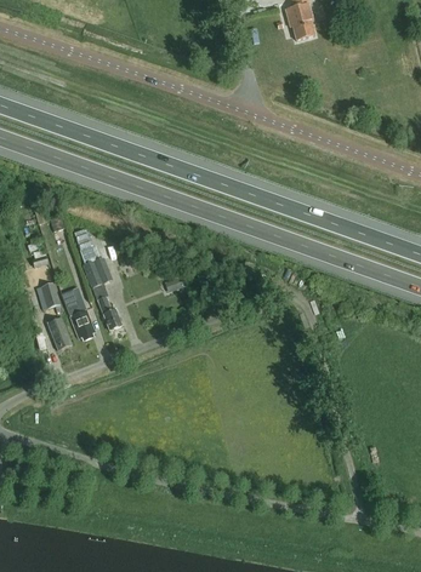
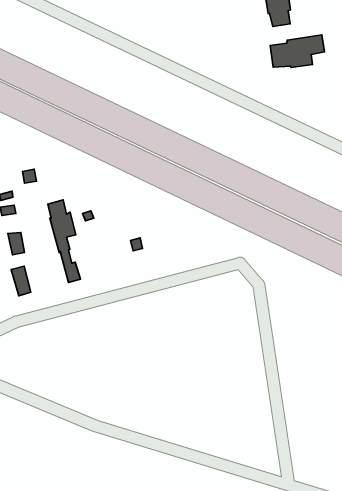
building: none -> [270,35,325,67]
building: [61,288,95,339] -> none

